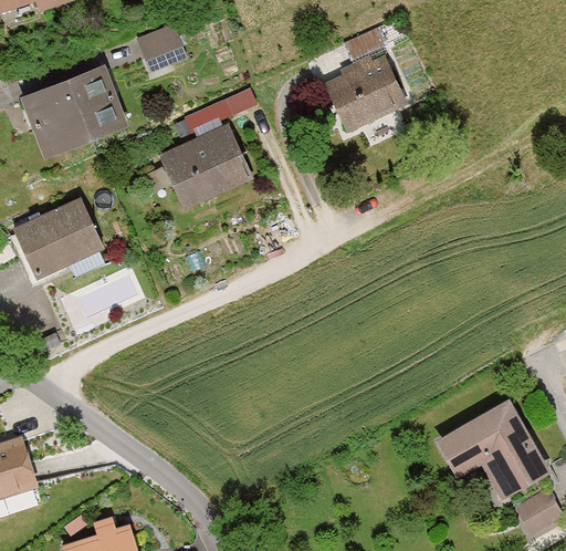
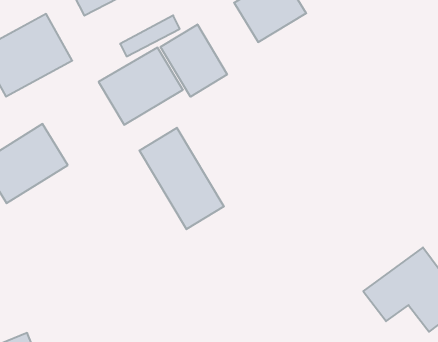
building: none -> [161,24,227,97]
building: none -> [139,128,224,229]

